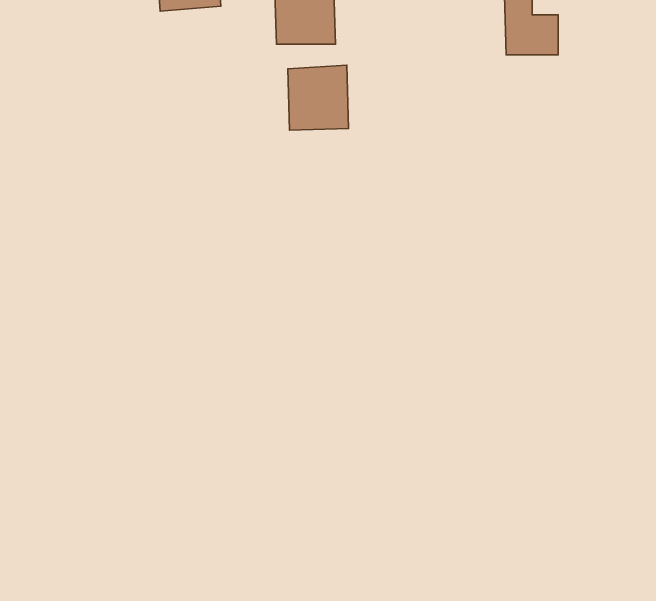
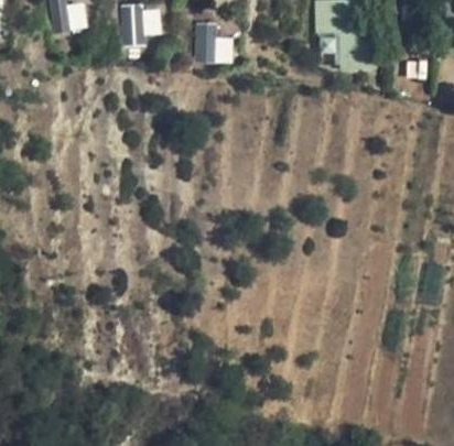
building: [288,65,348,130] -> none

